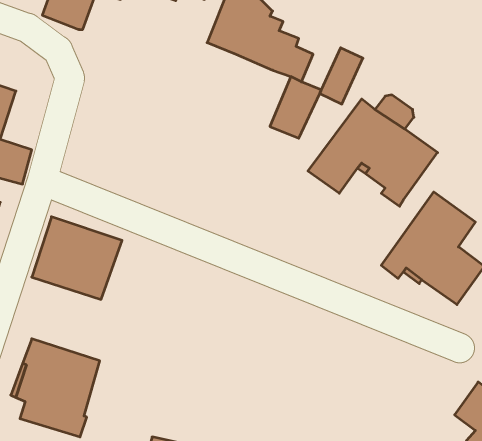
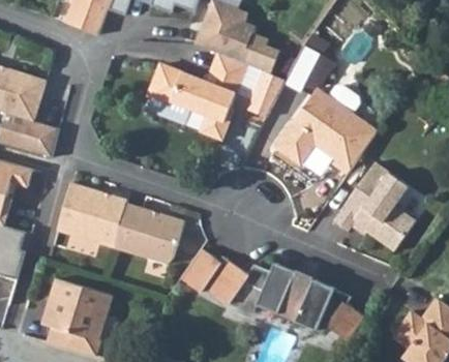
building: none -> [147,54,246,140]
building: none -> [111,204,184,265]
building: none -> [178,248,364,340]

